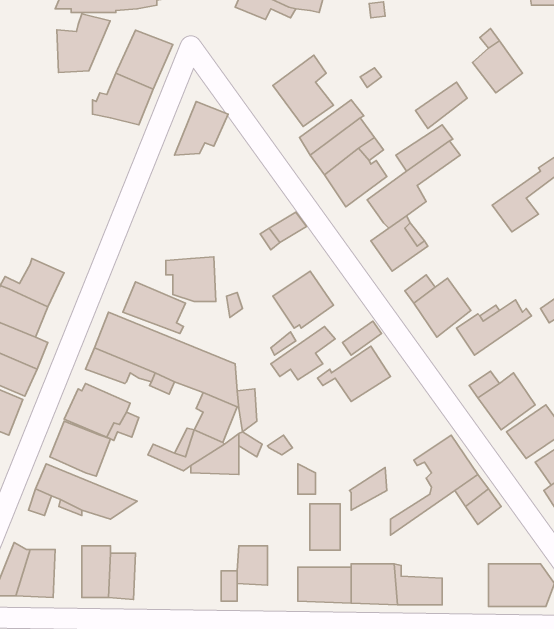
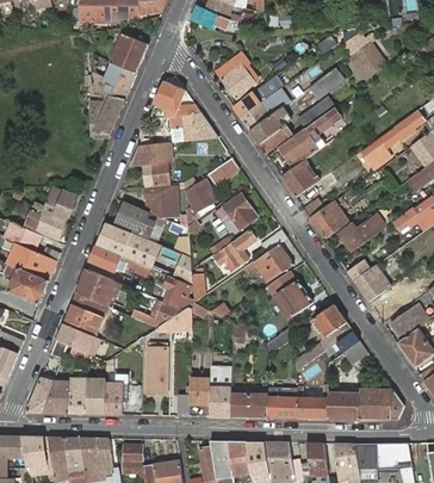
building: [57,14,110,73] -> [89,93,125,132]
building: none -> [169,114,217,141]
building: none -> [129,143,172,187]
building: none -> [185,180,217,212]
building: none -> [267,271,314,321]
building: none -> [149,348,168,394]
building: [310,504,340,550] -> [211,385,231,416]
building: none -> [68,382,87,414]
building: none -> [328,395,359,420]

